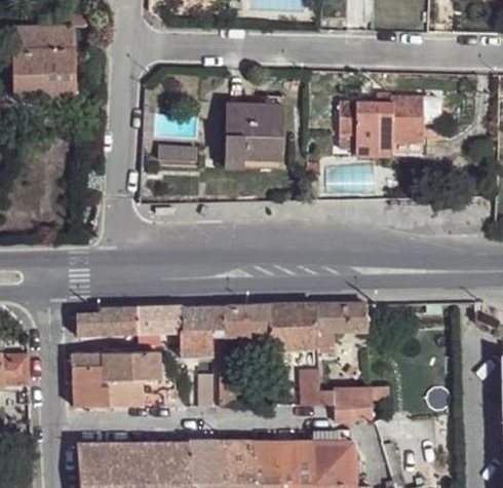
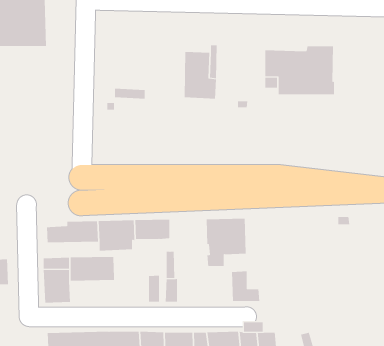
building: [225,104,281,168] -> none
building: [317,304,369,347] -> none
building: [225,306,270,337] -> none
building: [181,331,215,358] -> none
building: [105,376,176,408] -> none
building: [334,387,373,421] -> none

